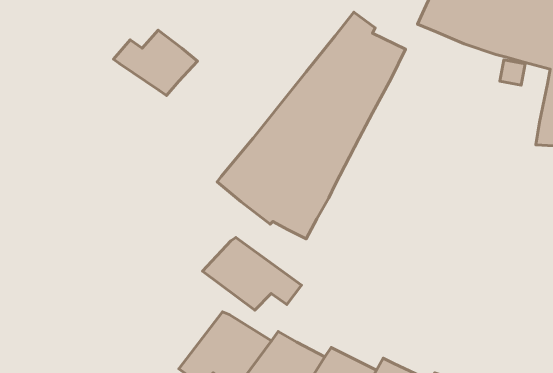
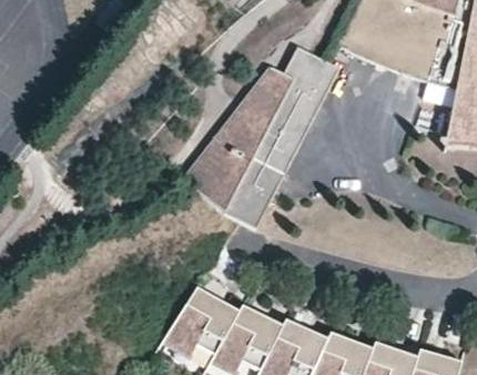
building: [114,30,198,96] -> none
building: [203,237,302,310] -> none

